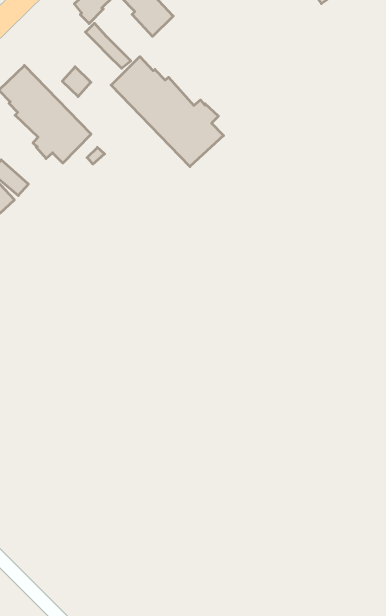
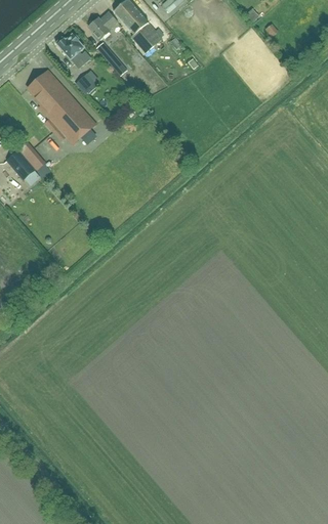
building: none -> [55,33,90,67]
building: [111,57,224,167] -> none

